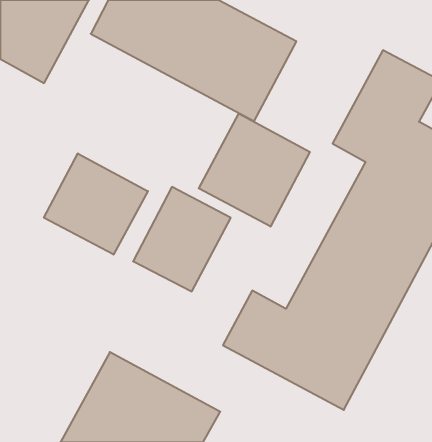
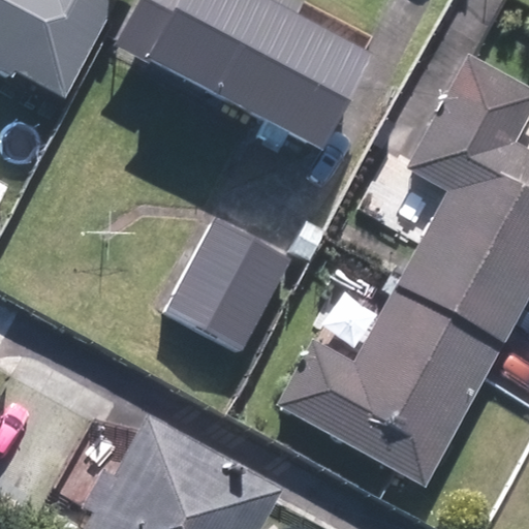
building: [199,113,310,227] -> none
building: [44,153,148,255] -> none

